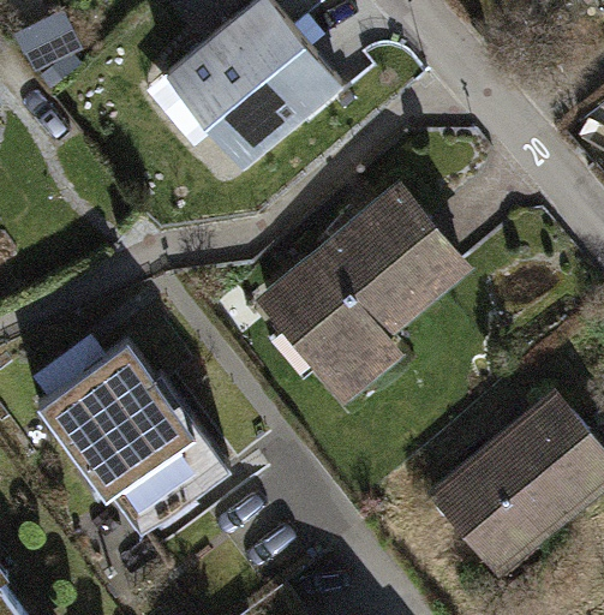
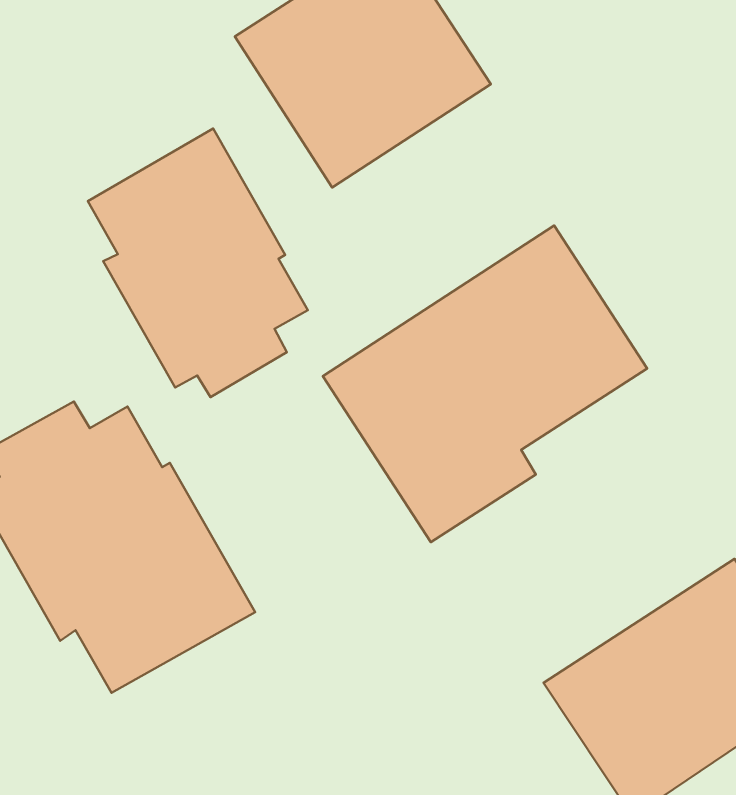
building: none -> [88,129,308,397]

